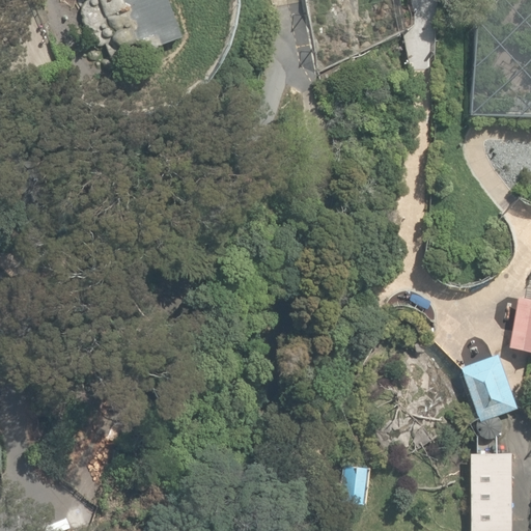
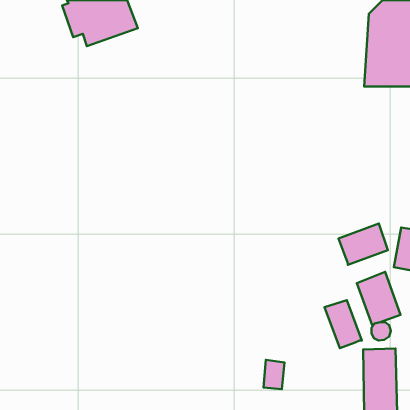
building: none -> [338,223,388,265]
building: none -> [325,300,362,348]

